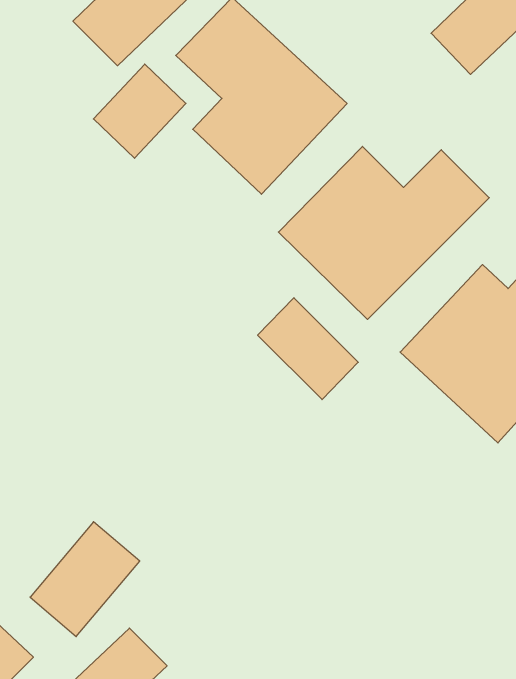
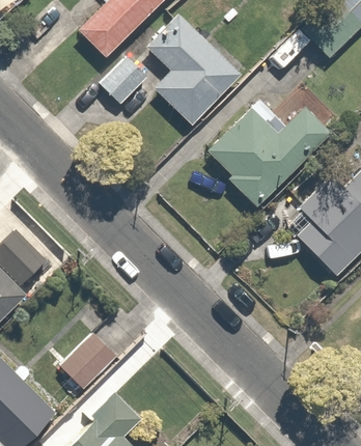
building: [258,298,358,400] -> none

